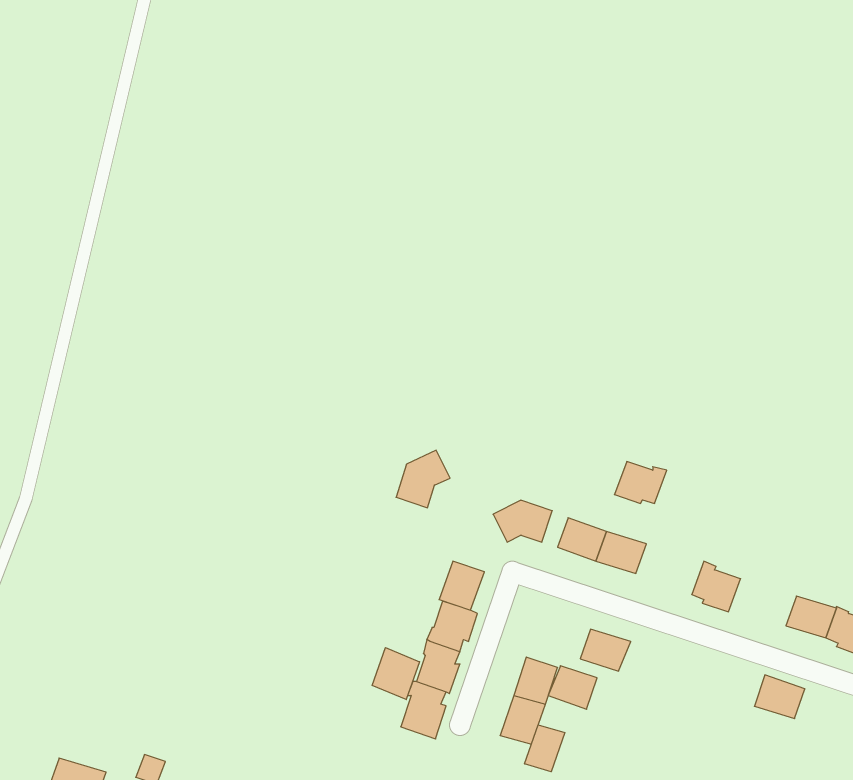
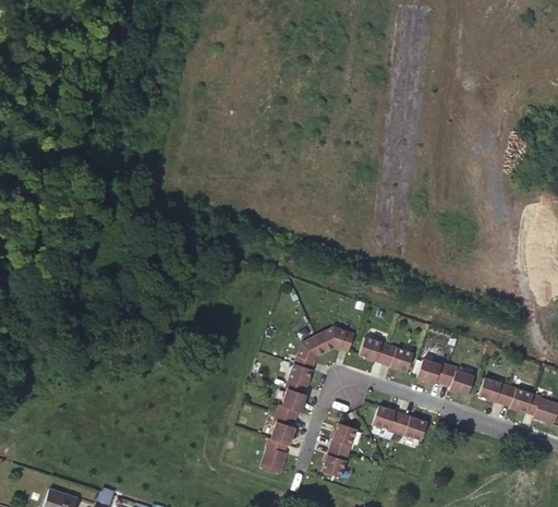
building: [396,450,450,508] -> [293,335,327,371]
building: [614,462,667,503] -> [417,359,450,385]
building: [372,648,420,700] -> none
building: [548,666,597,709] -> [397,414,427,442]
building: [754,675,805,719] -> [476,377,508,405]
building: [525,725,565,772] -> none

